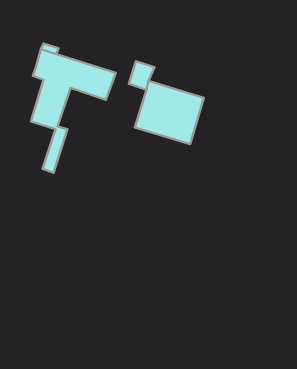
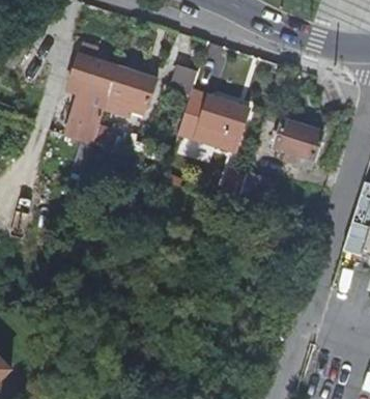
building: none -> [275,121,322,171]

